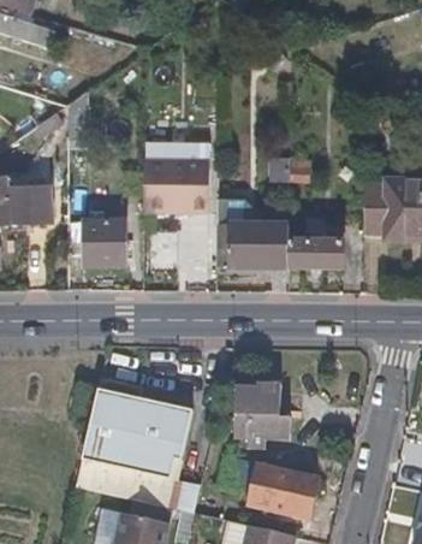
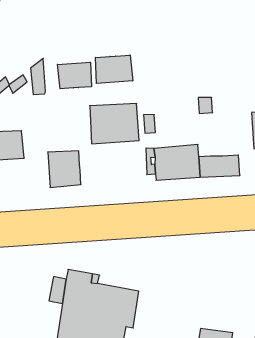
building: none -> [96,55,133,83]
building: none -> [58,62,91,89]
building: [234,382,290,442] -> none

